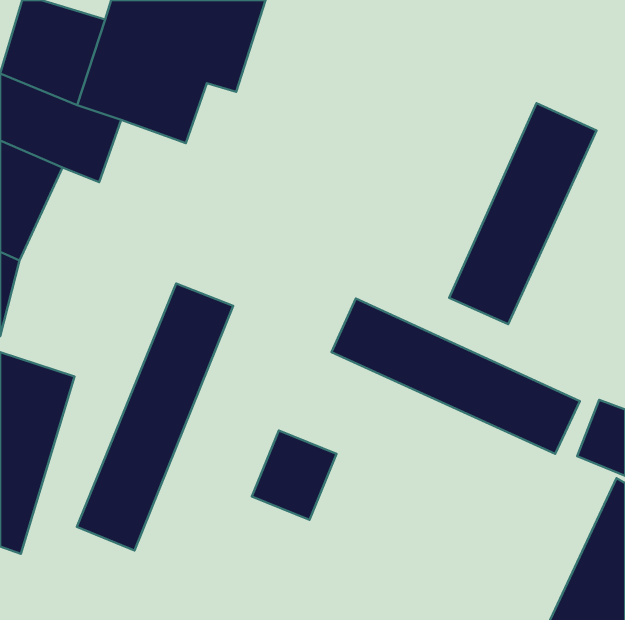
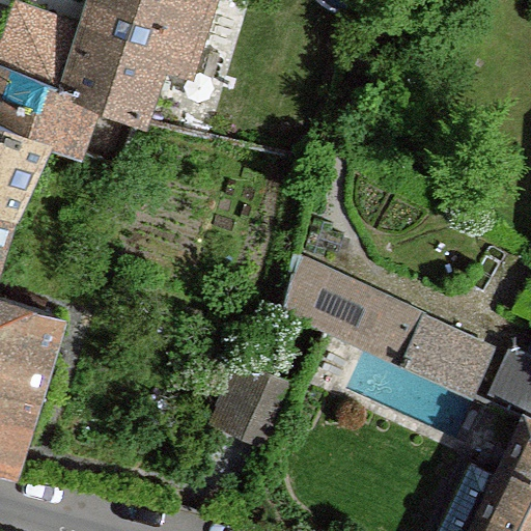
building: [449,103,596,324] -> none
building: [77,283,233,551] -> none

